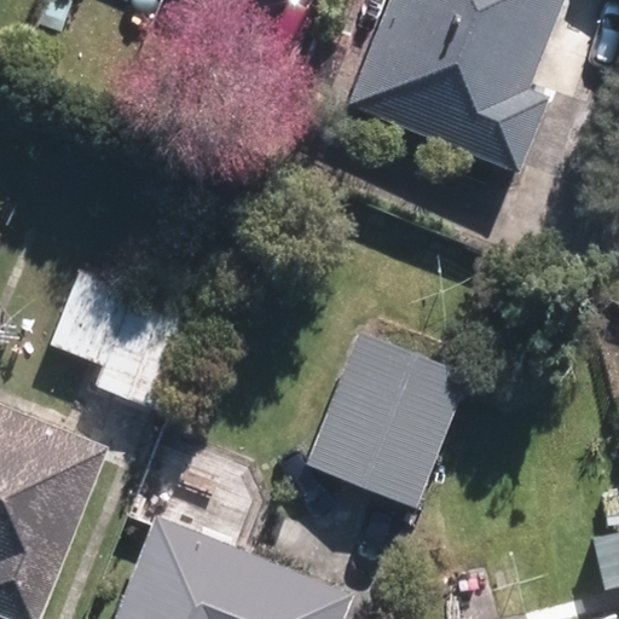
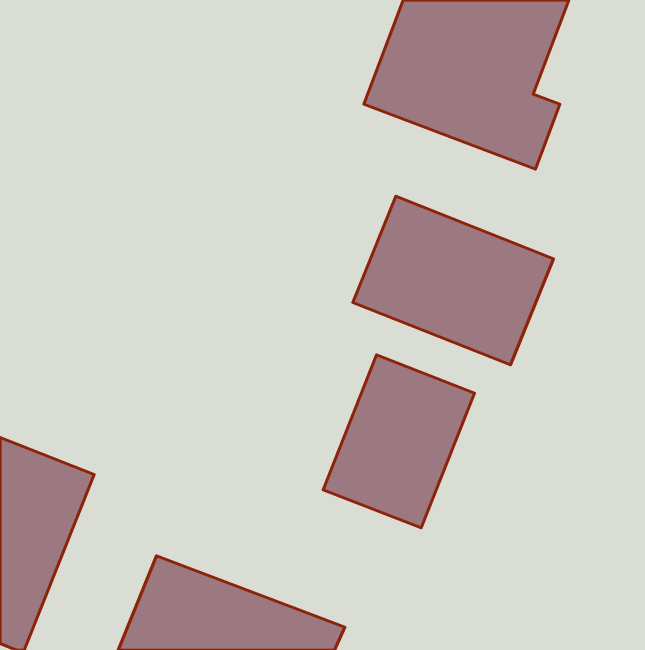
building: none -> [353,196,553,365]
building: [53,273,190,407] -> none

